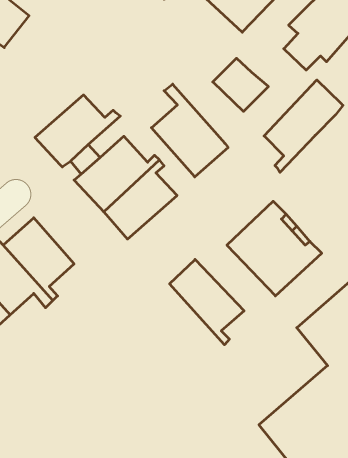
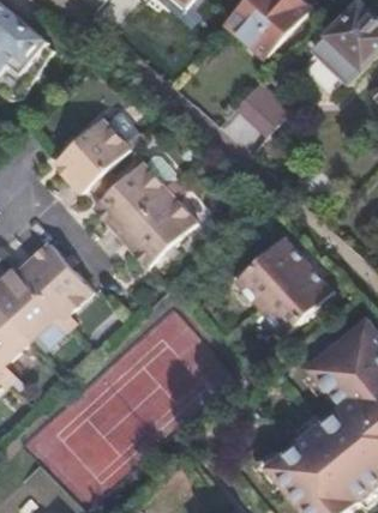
building: [264,80,343,172] -> none
building: [151,84,228,177] -> none
building: [170,259,244,345] -> none

